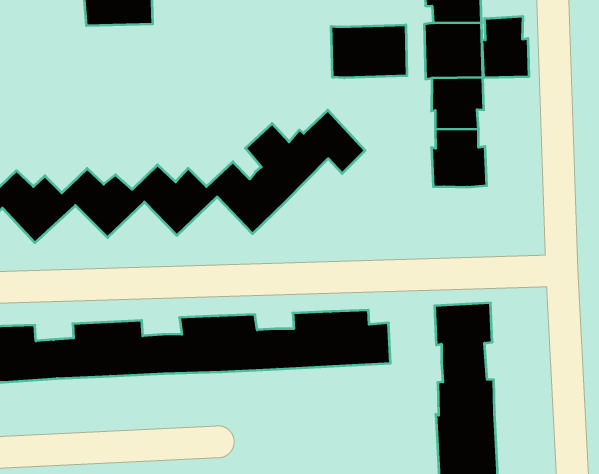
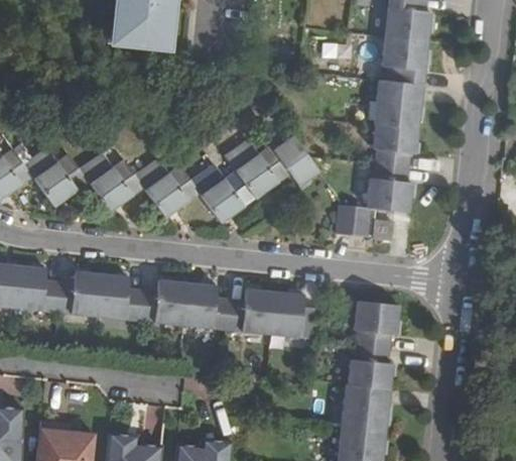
building: [482,16,529,78] -> none
building: [331,25,407,78] -> none
building: none -> [336,203,392,239]

